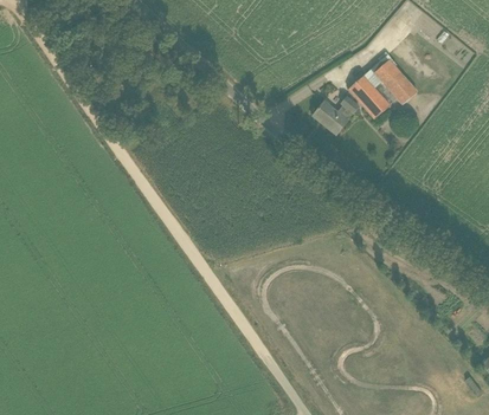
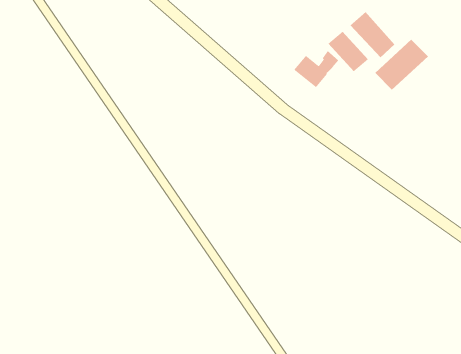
building: none -> [374,39,429,90]

